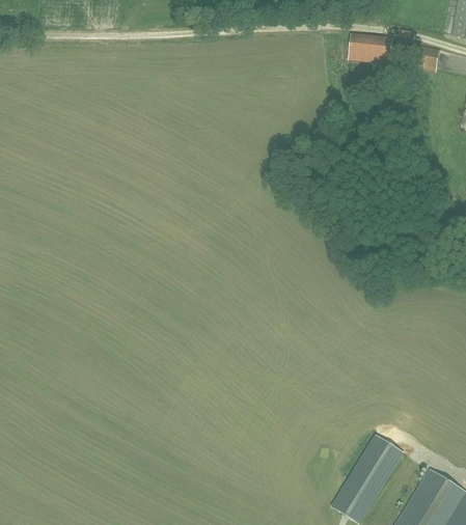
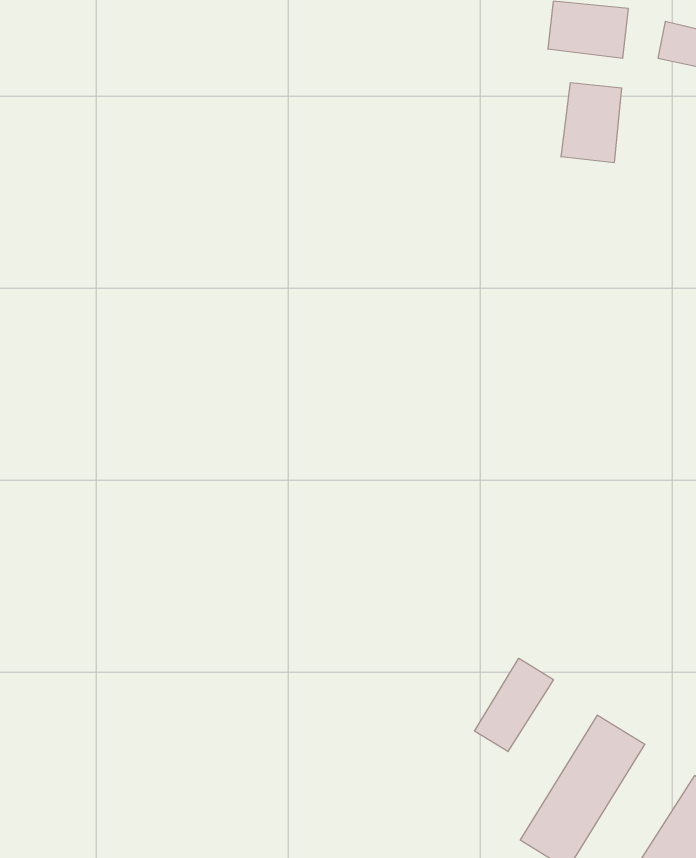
building: none -> [561,83,622,163]
building: none -> [475,658,553,752]

